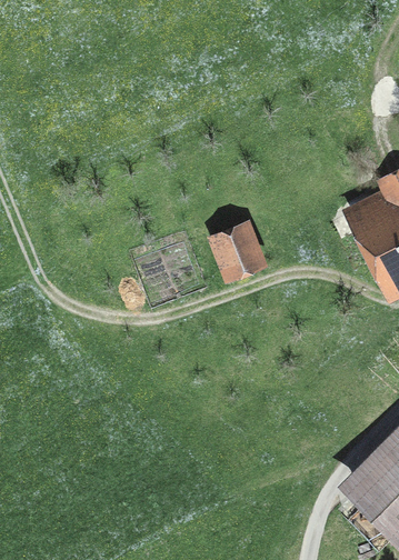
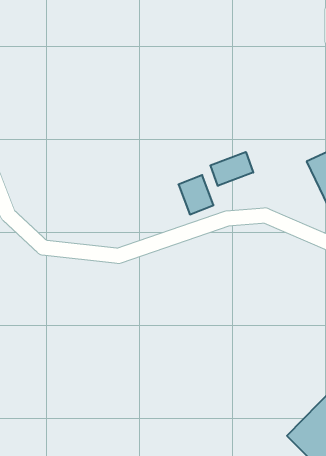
building: none -> [210,152,253,186]

